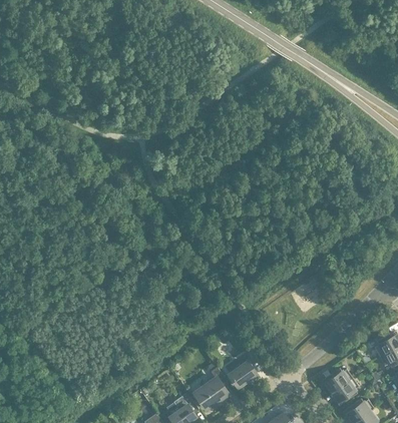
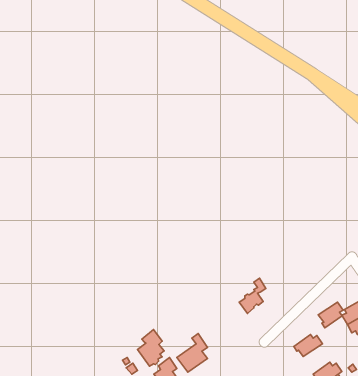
building: [230,349,259,387] -> [239,278,266,313]
building: none -> [137,330,164,366]
building: [332,378,359,406] -> [318,302,343,328]

